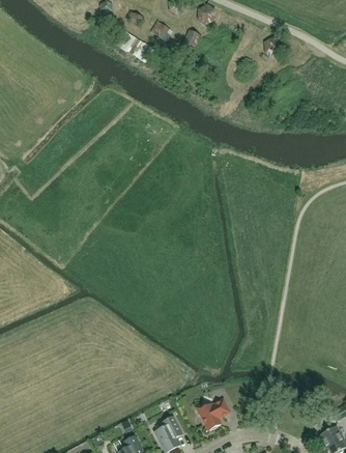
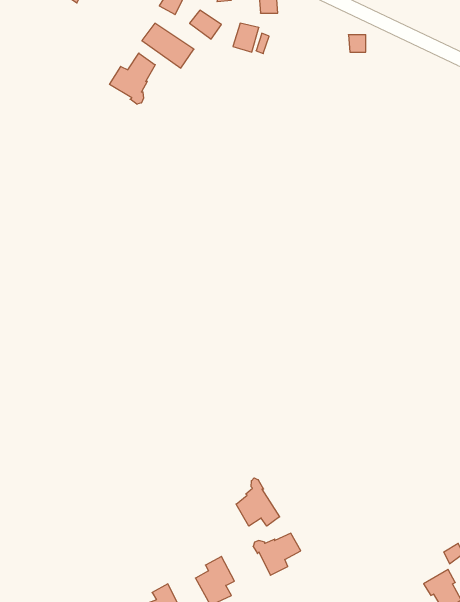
building: none -> [110,53,155,104]
building: none -> [236,478,280,526]

